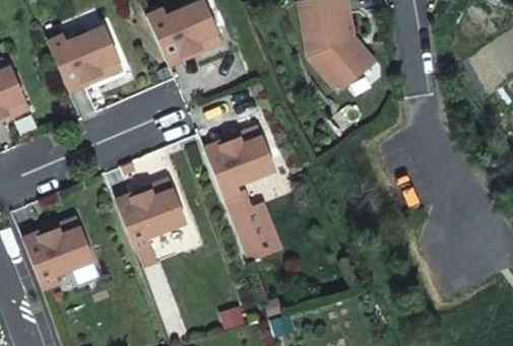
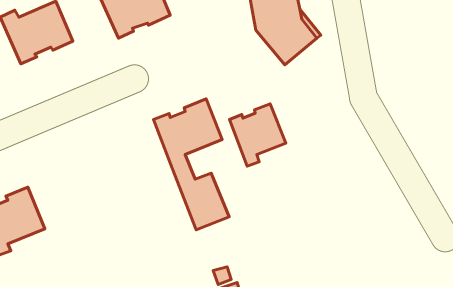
building: none -> [229,104,286,166]
building: [116,179,186,250] -> none

